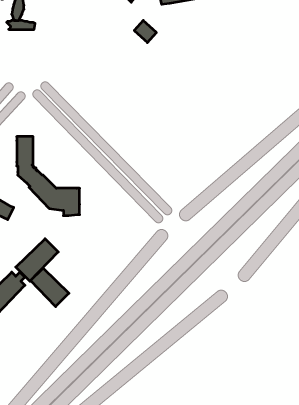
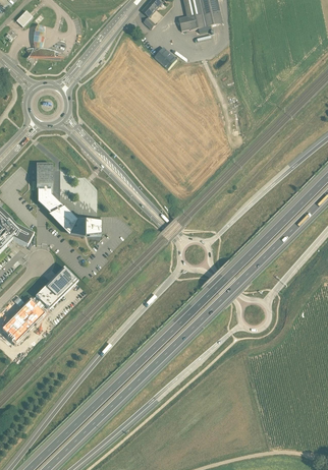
building: [31,268,69,307] -> none

